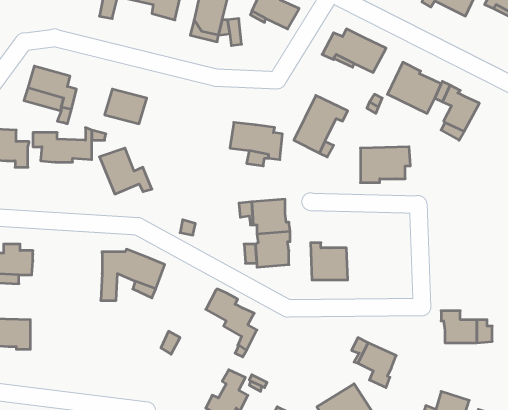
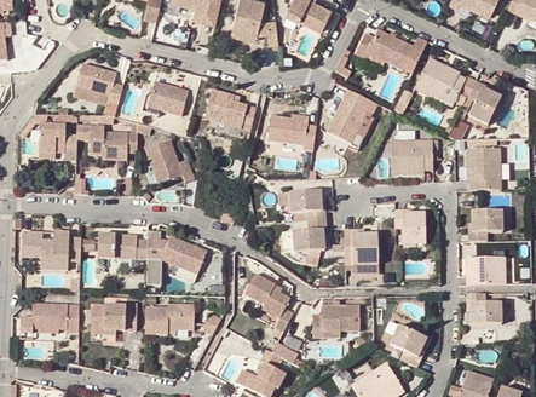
building: none -> [204,92,257,133]
building: none -> [467,149,501,191]
building: none -> [394,211,425,244]
building: none -> [469,211,503,242]
building: none -> [97,235,146,259]
building: none -> [467,257,505,284]
building: none -> [92,304,136,329]
building: none -> [144,304,194,336]
building: none -> [312,304,359,336]

